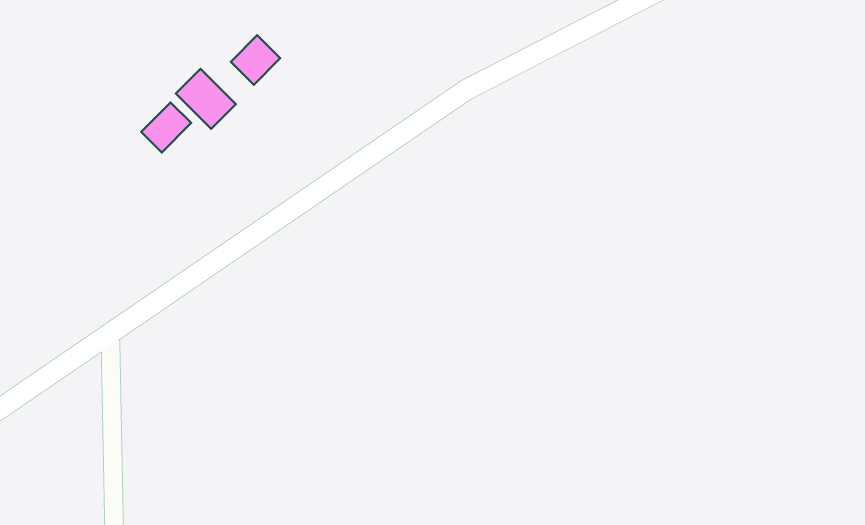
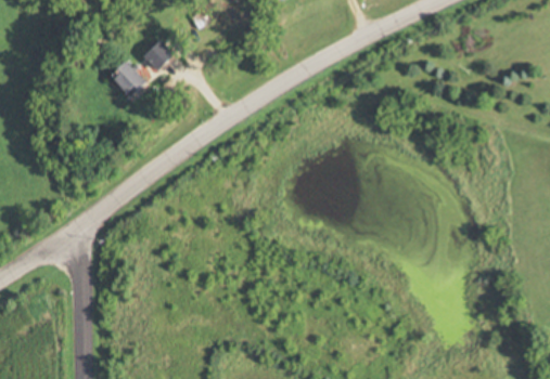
building: [141,103,191,152] -> none

